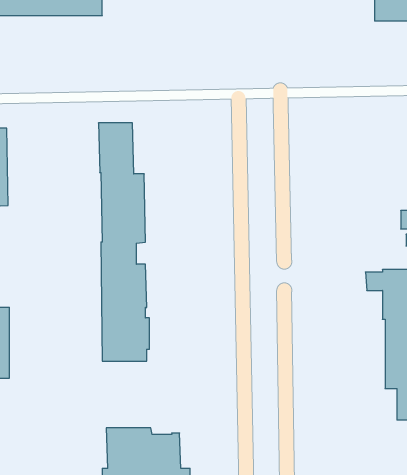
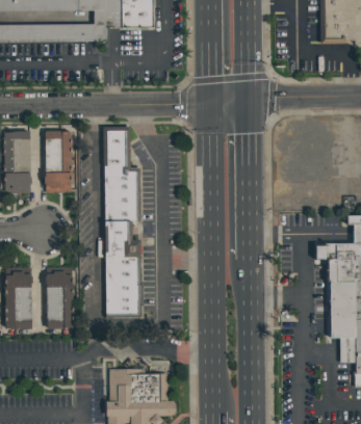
building: none -> [45,131,71,192]
building: none -> [46,271,73,328]

